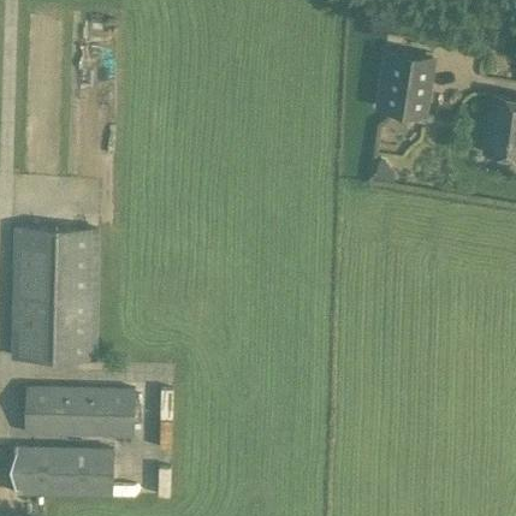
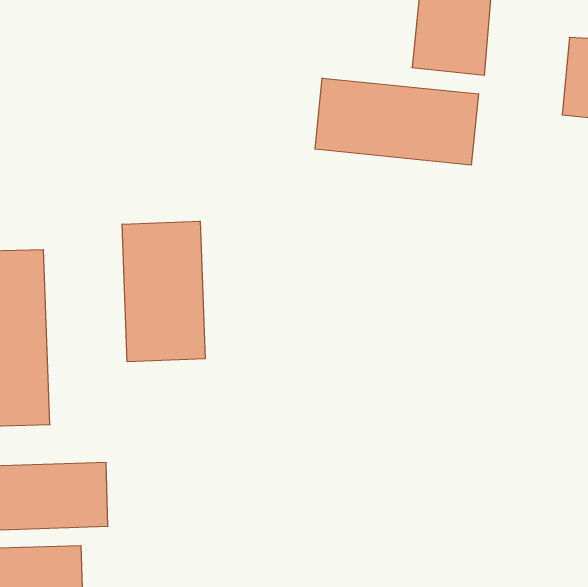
building: none -> [315,78,478,165]
building: none -> [122,221,205,362]

